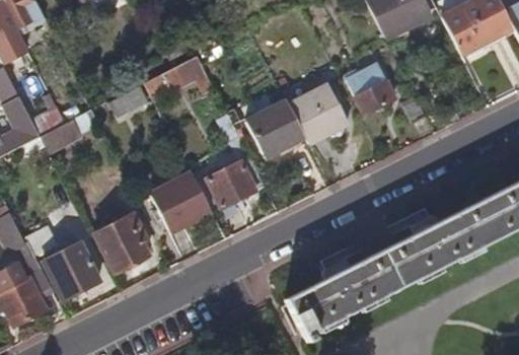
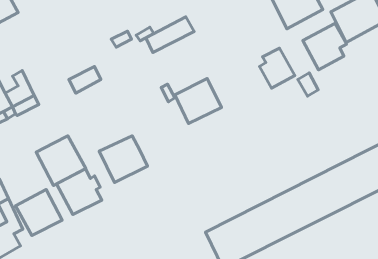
building: none -> [303,24,347,70]
building: [145,55,206,99] -> [146,17,194,52]
building: [286,84,347,144] -> none
building: [199,167,255,215] -> none
building: none -> [36,136,86,186]

